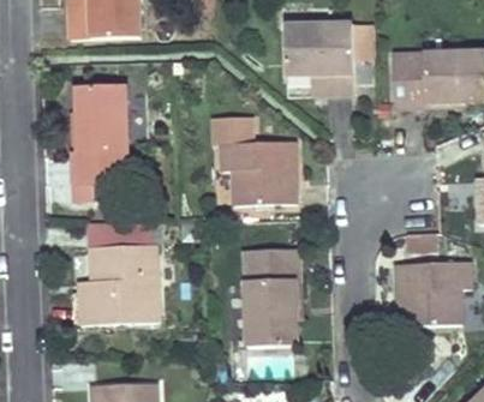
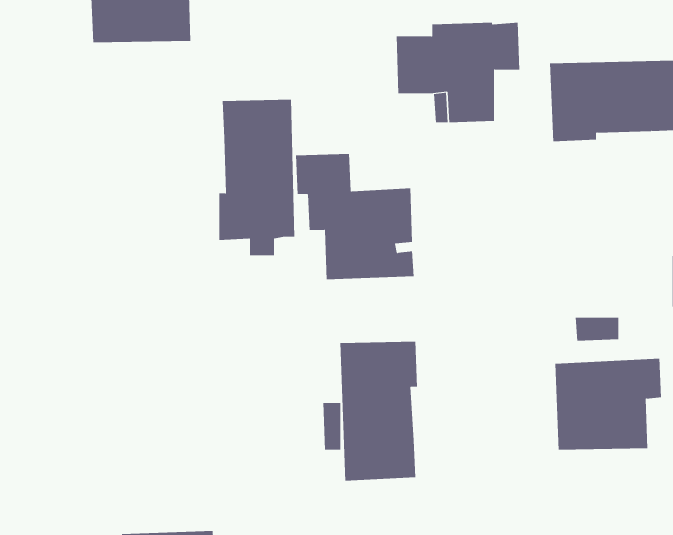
building: [73,84,127,194] -> [218,99,295,256]
building: [79,242,159,323] -> none

